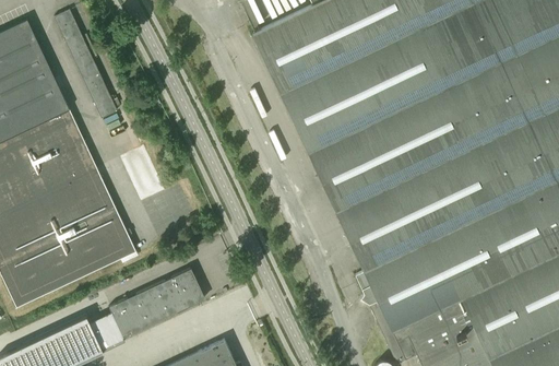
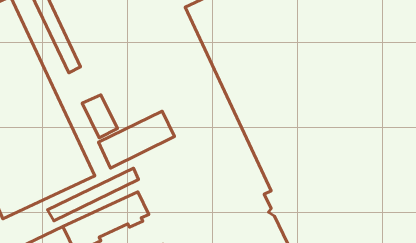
building: none -> [99,111,175,168]
building: none -> [48,168,138,221]

